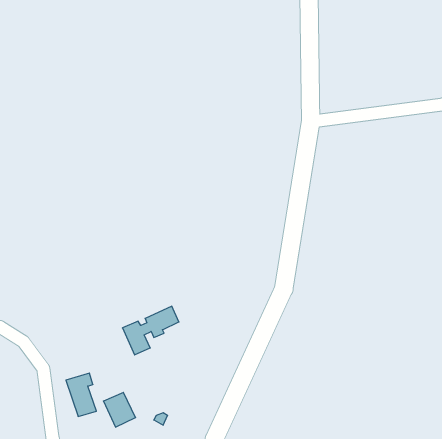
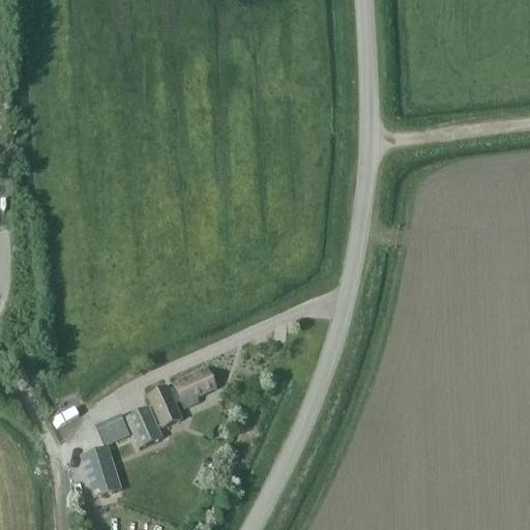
building: none -> [95,414,127,443]
building: [103,392,136,427] -> [125,406,164,447]

